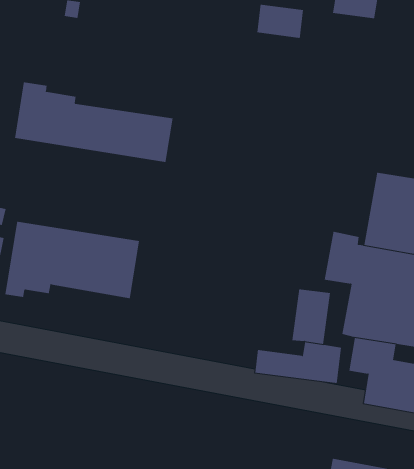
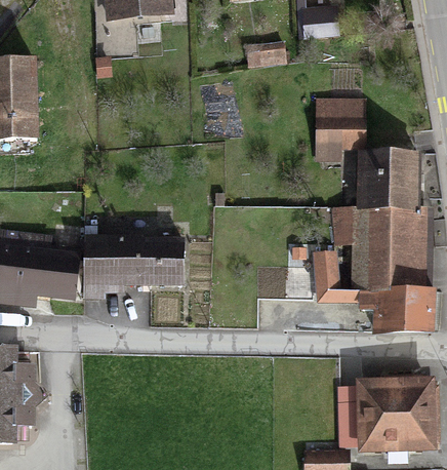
building: [14,82,173,163] -> none
building: none -> [317,97,365,158]

